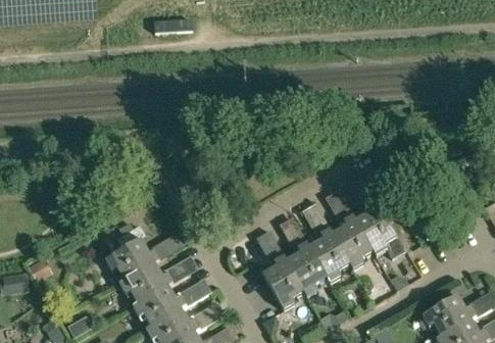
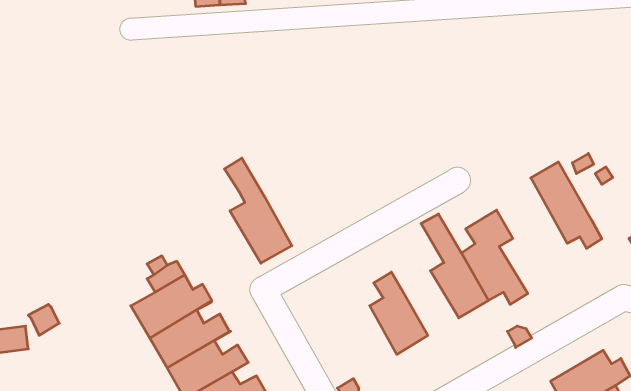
building: none -> [531,162,602,248]
building: [303,202,354,281] -> none
building: [256,229,307,308] -> [224,158,292,263]

